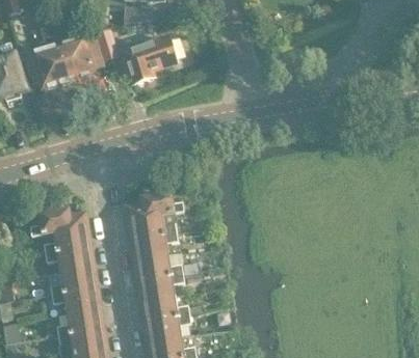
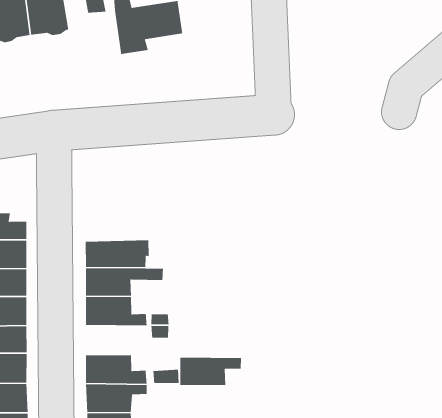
building: [126,194,182,220] -> none
building: [137,274,183,301] -> [180,357,242,386]

